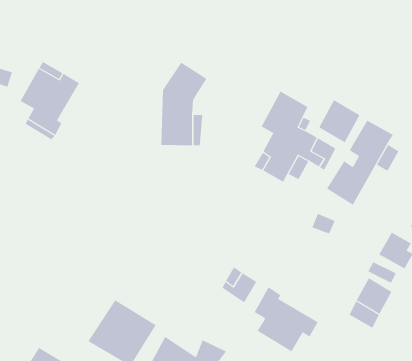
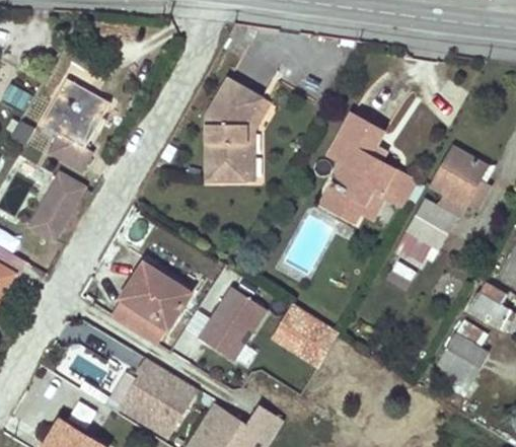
building: [318,99,360,143] -> none
building: none -> [29,173,84,240]
building: none -> [113,265,191,342]
building: none -> [196,284,272,362]
building: [254,286,319,352] -> none

